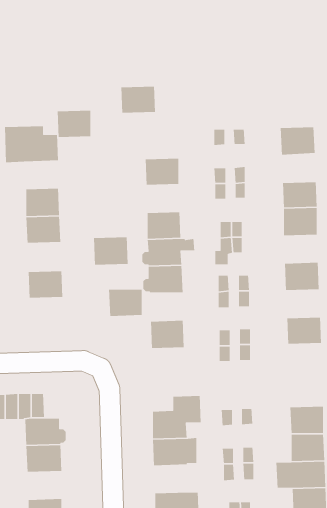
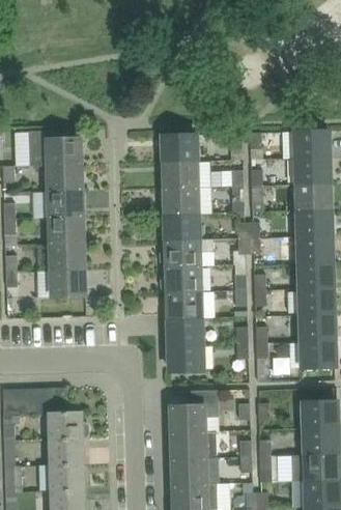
building: [120,86,156,114] -> [163,136,197,163]
building: [57,110,91,138] -> [48,165,81,192]
building: none -> [295,158,330,186]
building: none -> [165,188,198,215]
building: none -> [297,236,332,263]
building: [93,237,129,266] -> [50,244,84,272]
building: [108,289,143,317] -> [168,292,201,319]
building: none -> [300,289,334,316]
building: none -> [302,341,335,368]
building: none -> [170,345,203,372]
building: none -> [172,458,206,485]
building: none -> [50,464,84,491]

